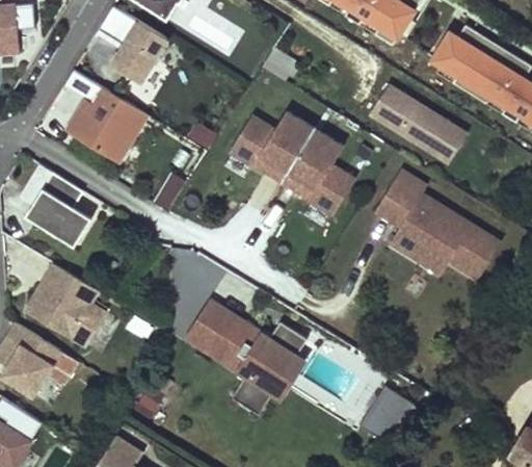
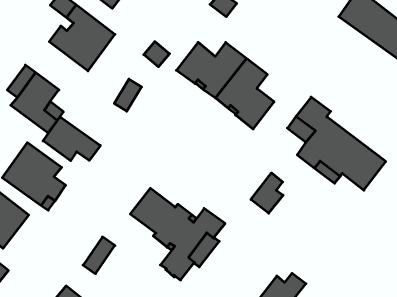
building: [371,84,469,162] -> none
building: none -> [43,117,100,161]
building: none -> [251,173,283,213]

